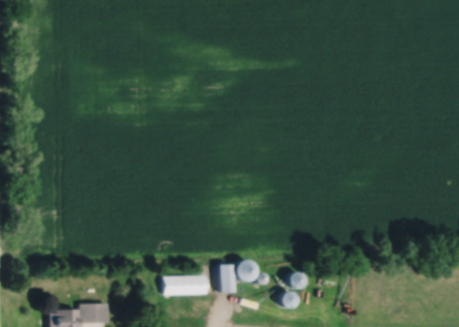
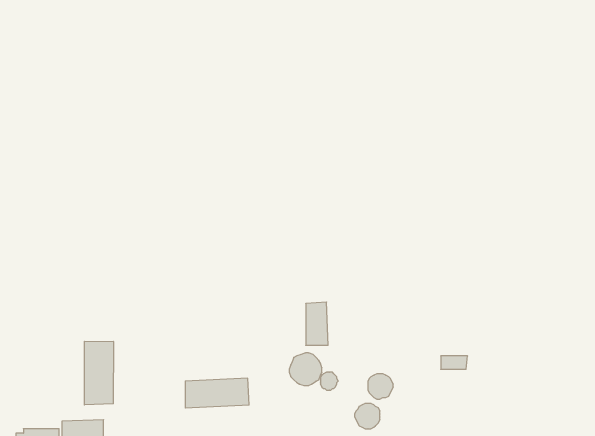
building: none -> [84,341,113,405]
building: [219,262,234,292] -> [306,302,328,345]

